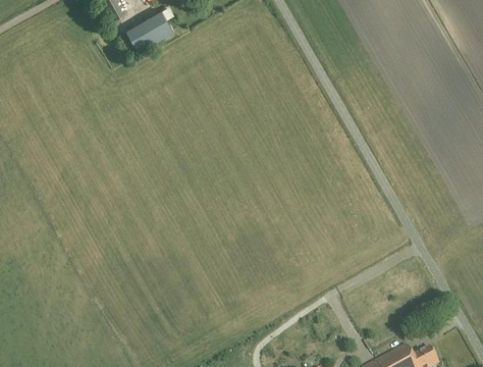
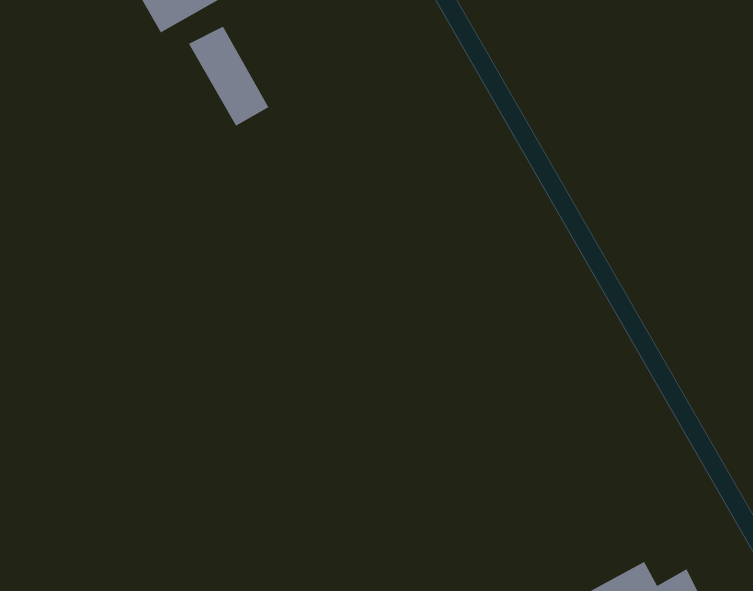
building: none -> [188,26,269,126]

